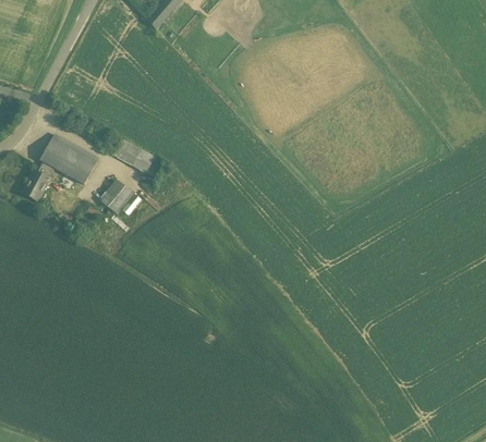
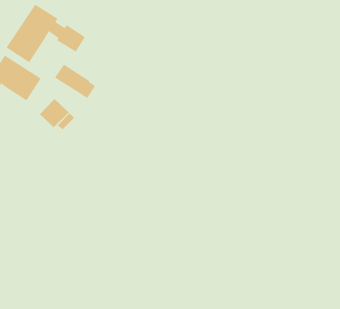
building: none -> [6,4,86,63]

